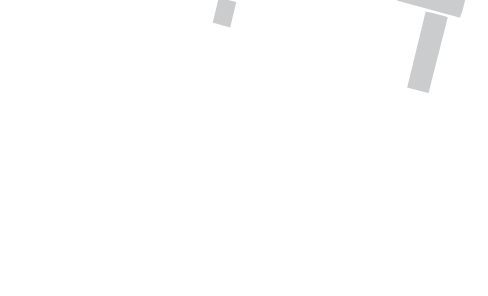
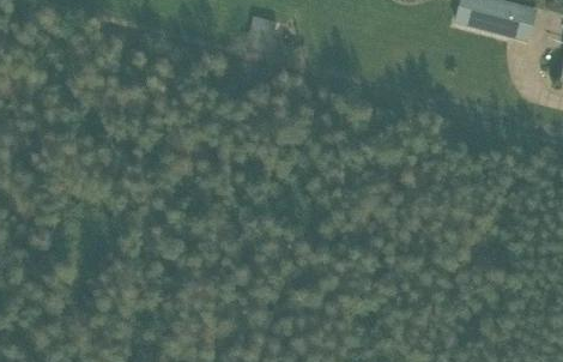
building: [406,10,449,94] -> none

